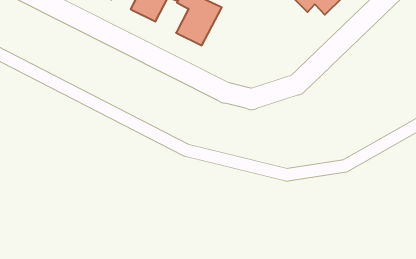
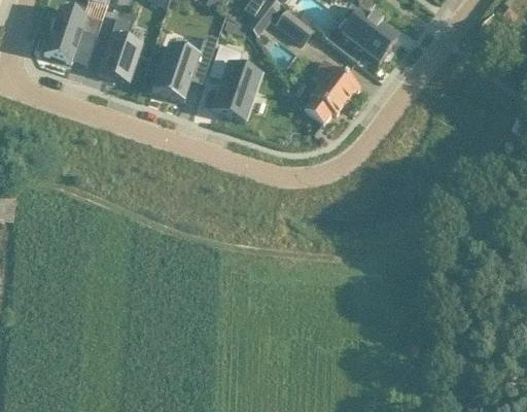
building: none -> [306,58,361,121]

